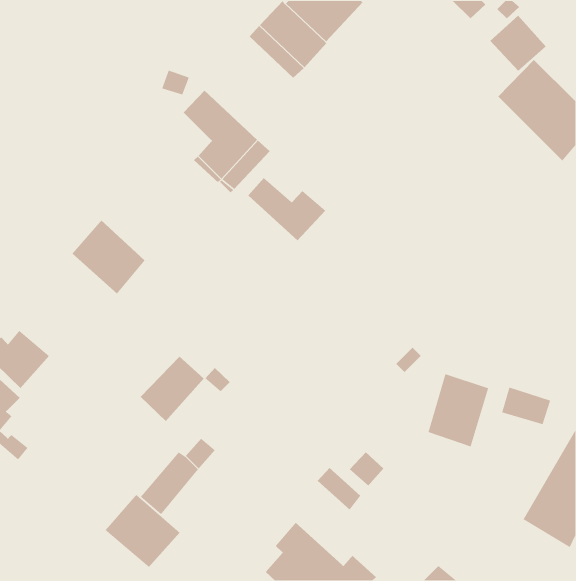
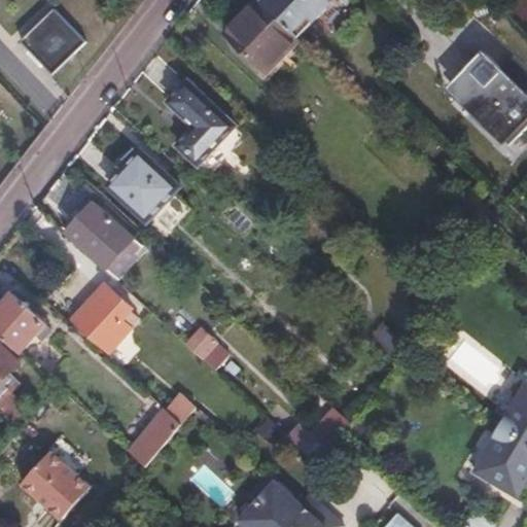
building: none -> [17,8,84,75]
building: none -> [105,148,176,219]
building: [248,177,326,241] -> none
building: [140,356,204,422] -> [72,285,131,345]
building: [428,373,489,448] -> none
building: [104,494,181,568] -> [19,451,87,518]

